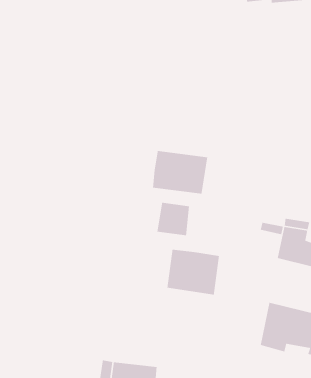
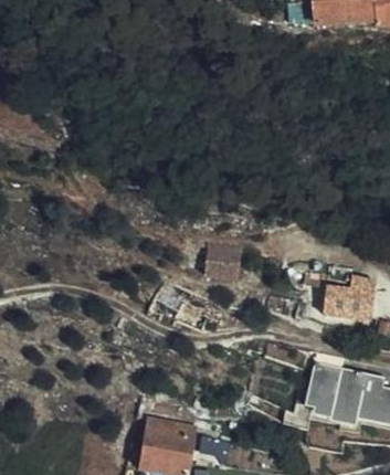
building: [152,150,208,195] -> none
building: [167,249,220,295] -> none

